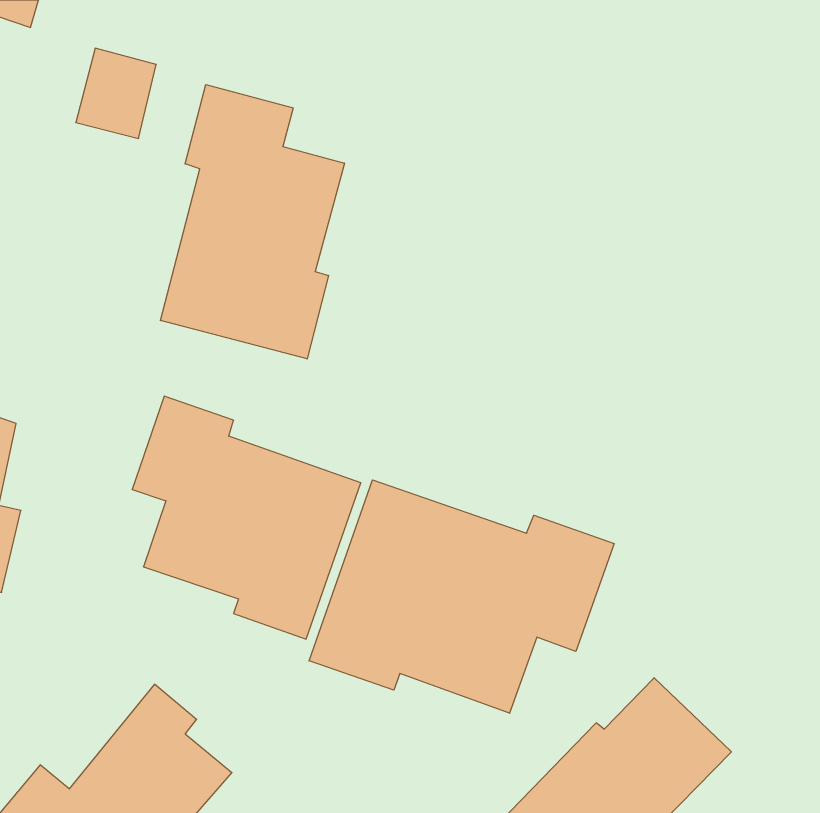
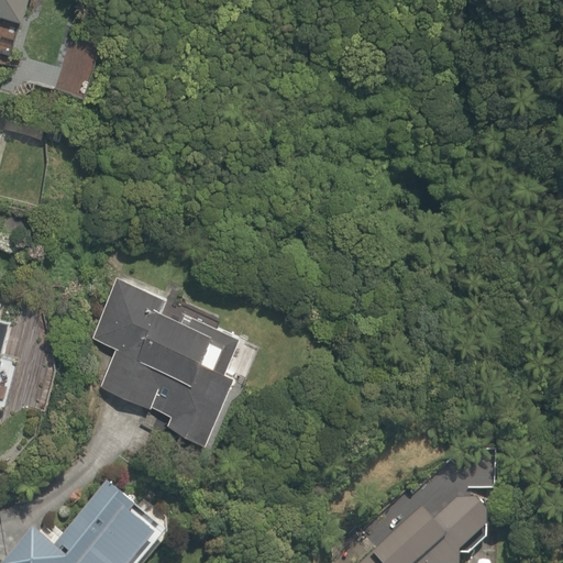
building: [160,85,344,359] -> none
building: [309,480,614,713] -> none

